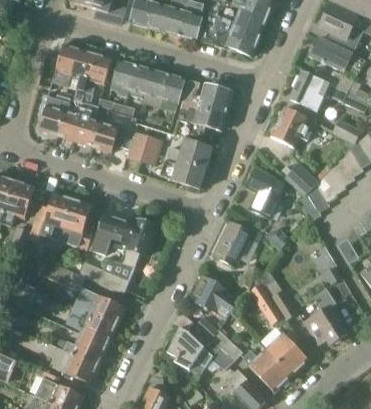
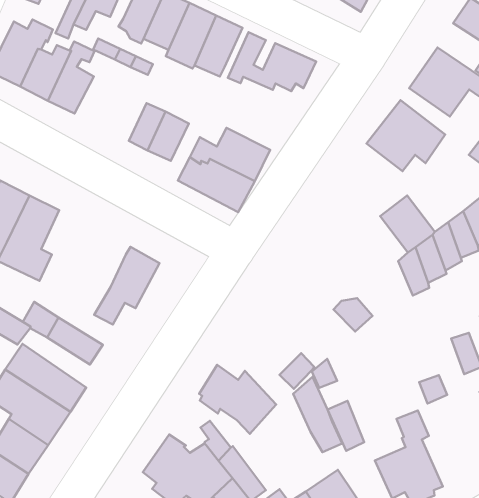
building: [178,106,226,129] -> none
building: [92,120,125,151] -> none
building: [246,167,284,218] -> none
building: [94,213,136,255] -> none
building: [213,221,260,267] -> none

